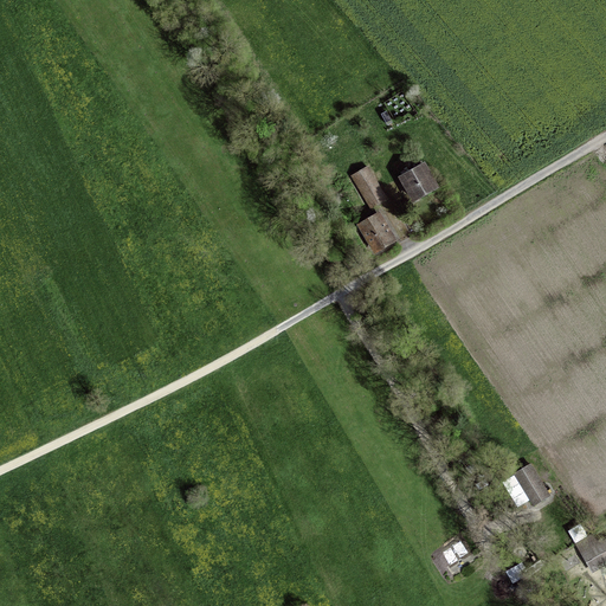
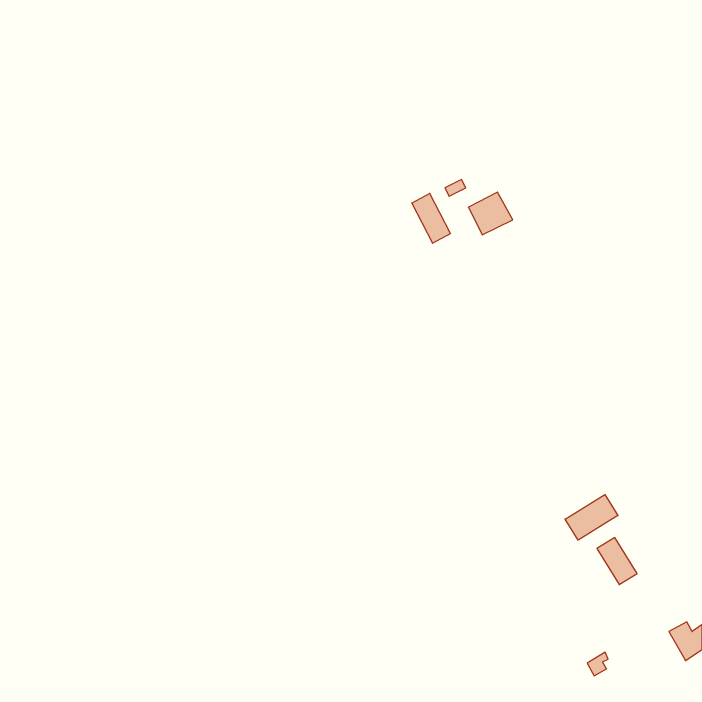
building: [359,214,395,252] -> none
building: none -> [565,495,618,540]

